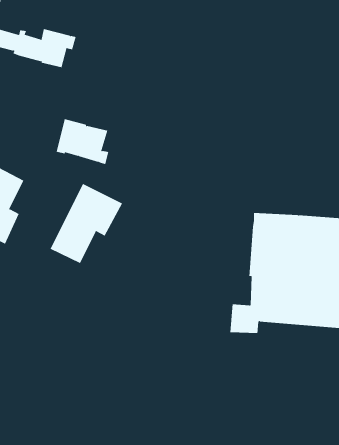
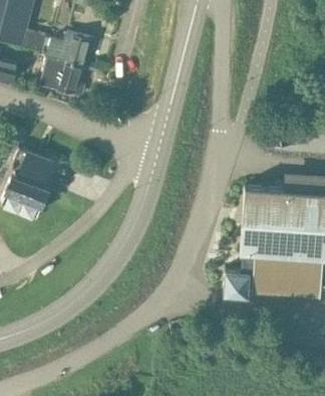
building: [56,118,109,165] -> [39,55,84,94]
building: [50,183,123,264] -> none

